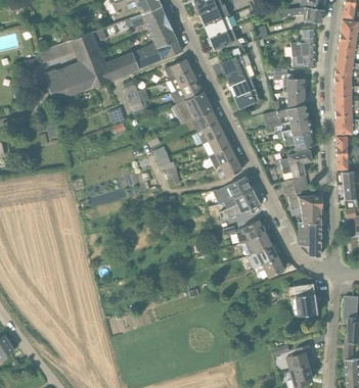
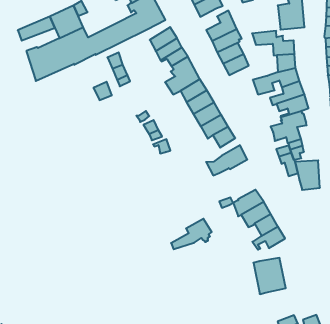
building: [220,191,260,219] -> [171,219,212,249]
building: [298,223,321,256] -> none
building: [289,284,319,318] -> [253,258,286,294]

